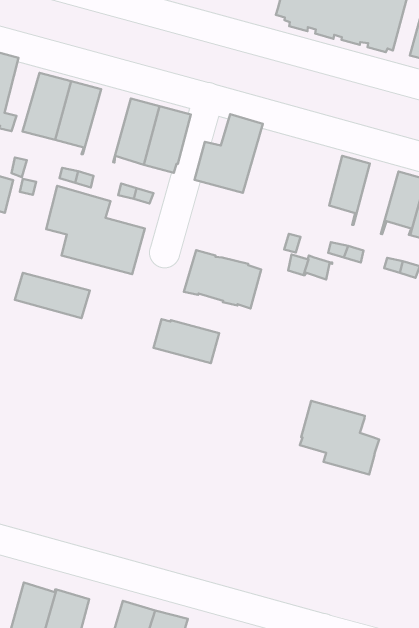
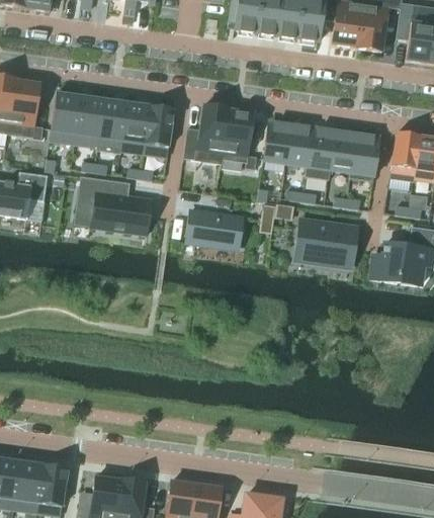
building: none -> [97,98,127,152]
building: none -> [221,108,257,169]
building: none -> [263,121,291,163]
building: none -> [307,127,335,179]
building: [15,273,90,318] -> none
building: [154,319,219,363] -> none
building: [300,401,379,475] -> [296,218,355,267]

